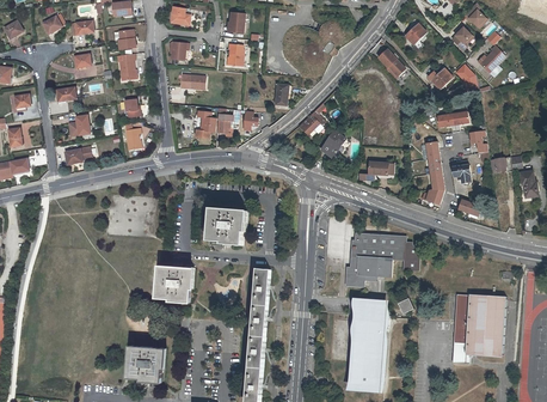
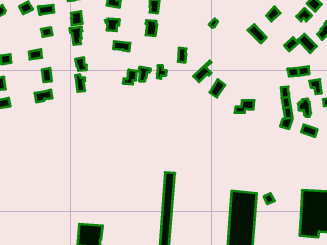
building: [209,208,246,244] -> none
building: [344,233,418,286] -> none
building: [155,264,192,300] -> none

